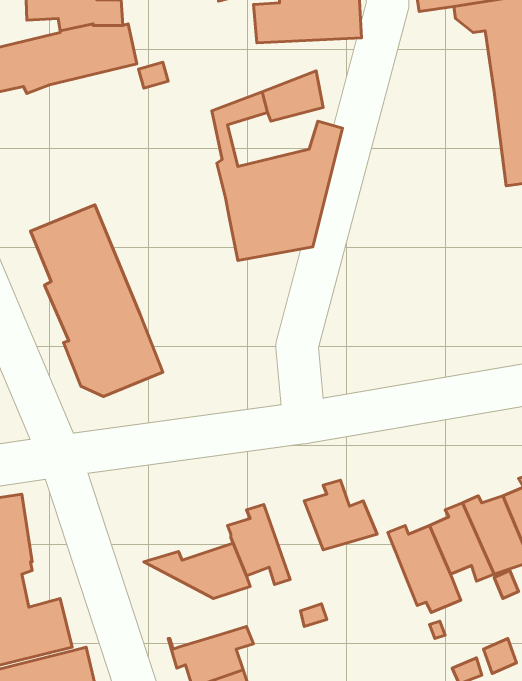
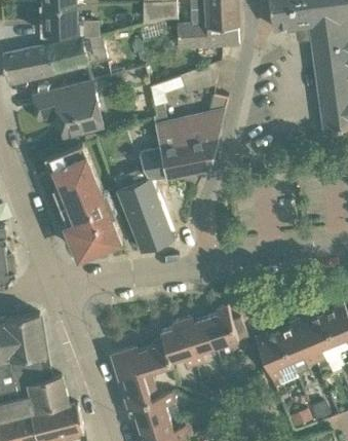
building: none -> [32,81,103,136]
building: none -> [116,151,173,252]
building: none -> [182,318,217,365]
building: none -> [111,355,158,405]

